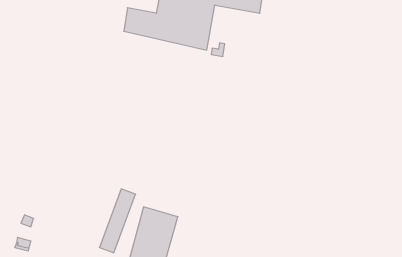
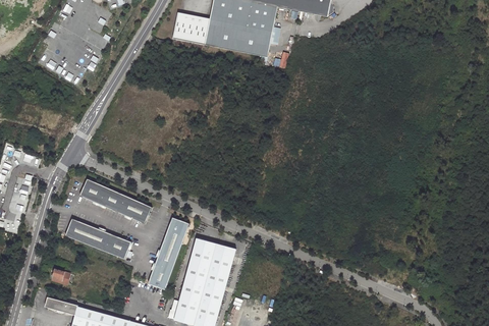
building: none -> [78,177,150,222]
building: none -> [64,218,129,258]

